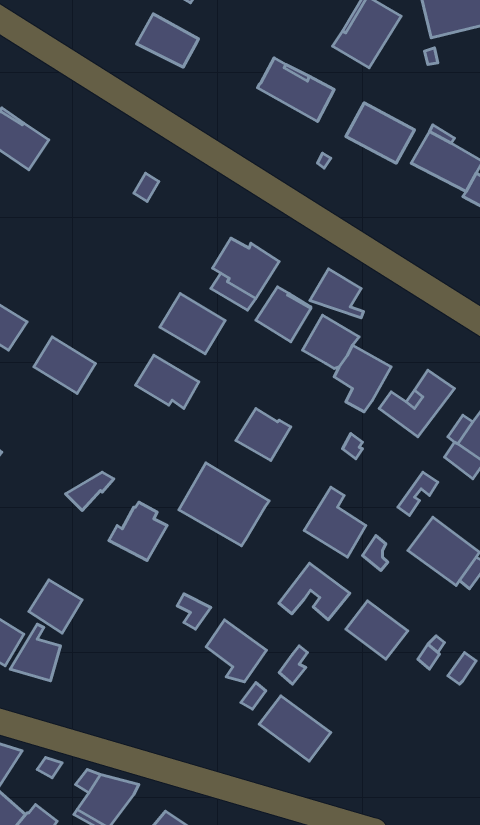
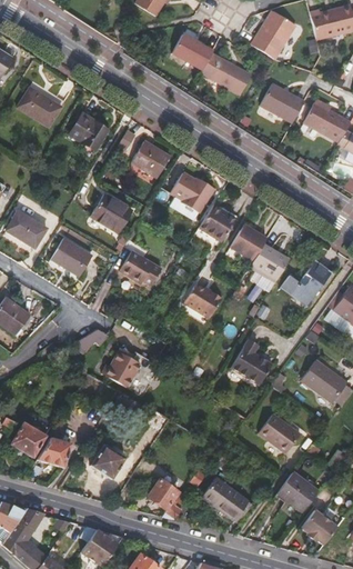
building: [137,14,198,67] -> [172,33,213,69]
building: none -> [70,113,109,150]
building: none -> [132,140,171,177]
building: [310,269,363,318] -> none
building: [160,294,225,354] -> [91,192,134,232]
building: [179,463,269,546] -> none
building: [279,563,350,620] -> none
building: [29,580,82,633] -> [90,443,125,479]
building: [206,620,266,682] -> [149,478,189,519]
building: none -> [278,471,320,511]
building: none -> [302,510,337,545]

